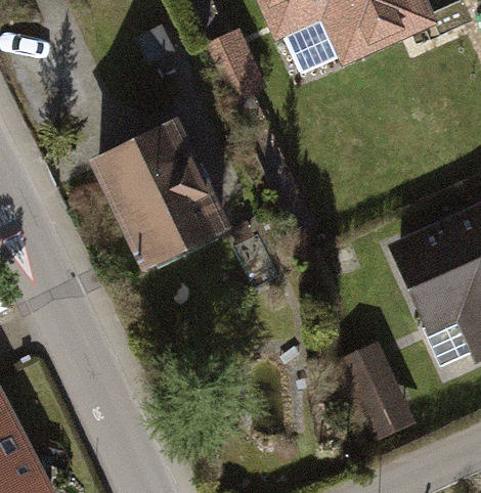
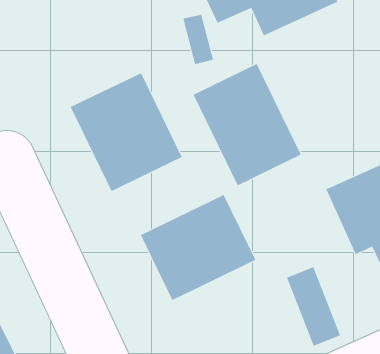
building: none -> [193,63,302,186]
building: none -> [140,194,256,301]

